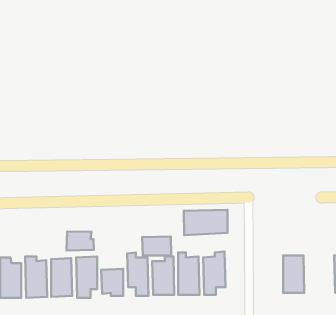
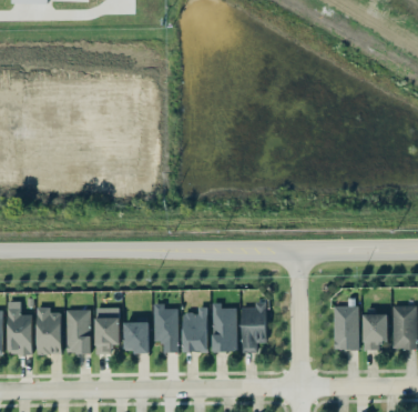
building: [184,210,227,235] -> none
building: [67,232,94,250] -> none
building: [142,236,171,256] -> none
building: none -> [363,314,388,351]

